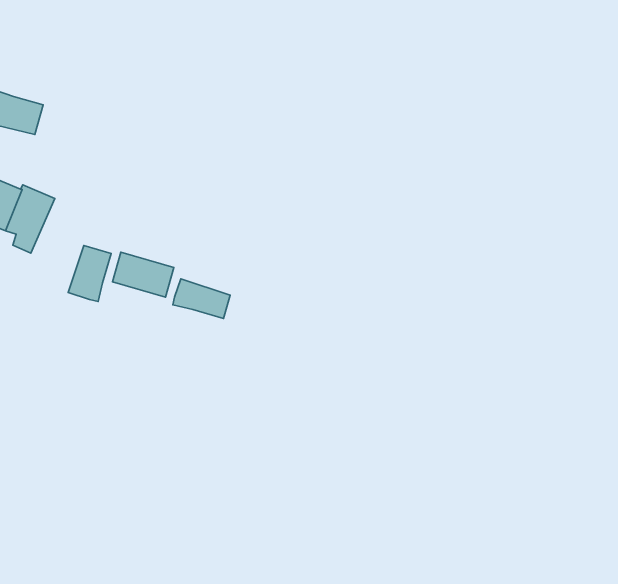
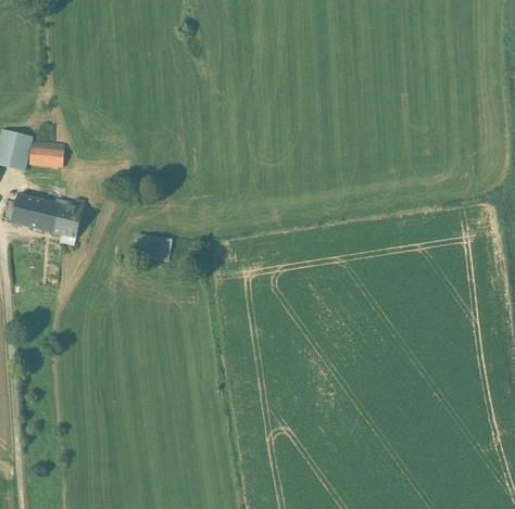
building: [68,246,111,302] -> none
building: [173,279,230,319] -> none

